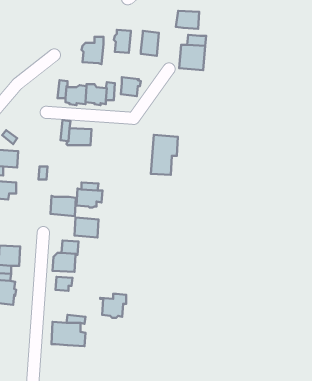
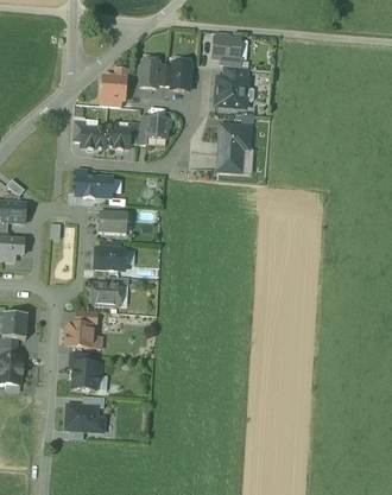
building: [151,135,178,175] -> [217,123,249,171]
building: [51,196,76,216] -> [99,210,128,234]
building: [100,294,126,318] -> [70,362,101,391]

